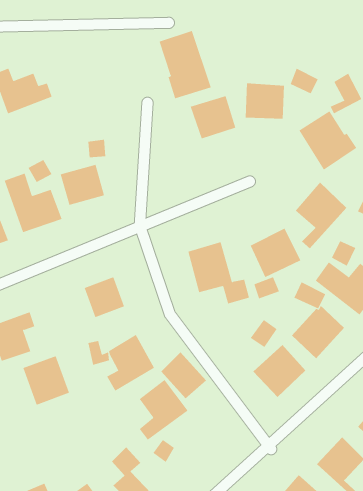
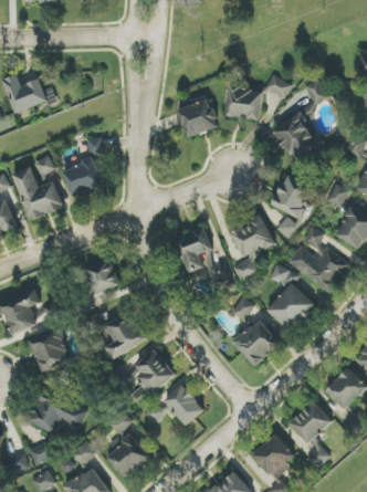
building: [159,30,211,99] -> none
building: [161,352,207,399] -> [164,384,205,426]
building: none -> [25,389,86,433]

